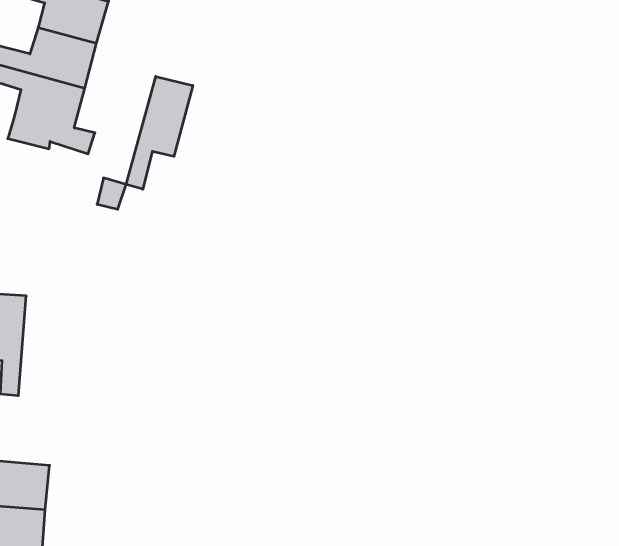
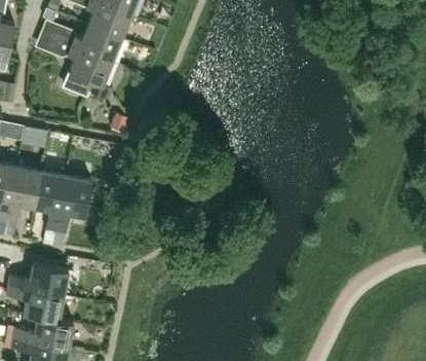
building: [126,76,193,189] -> none
building: none -> [55,176,90,233]

